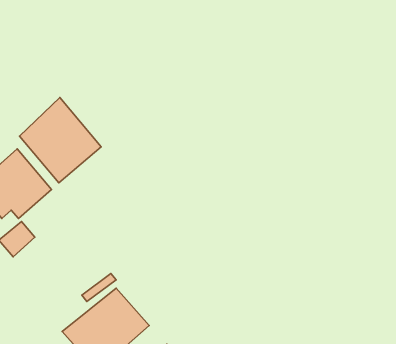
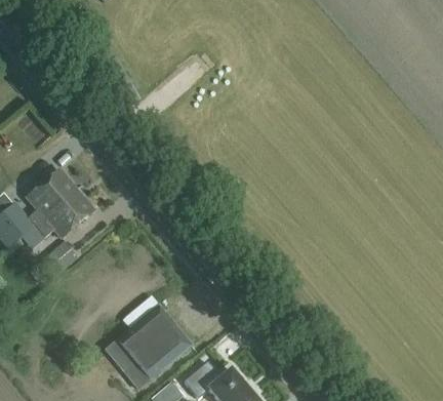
building: [20,97,101,183] -> none

